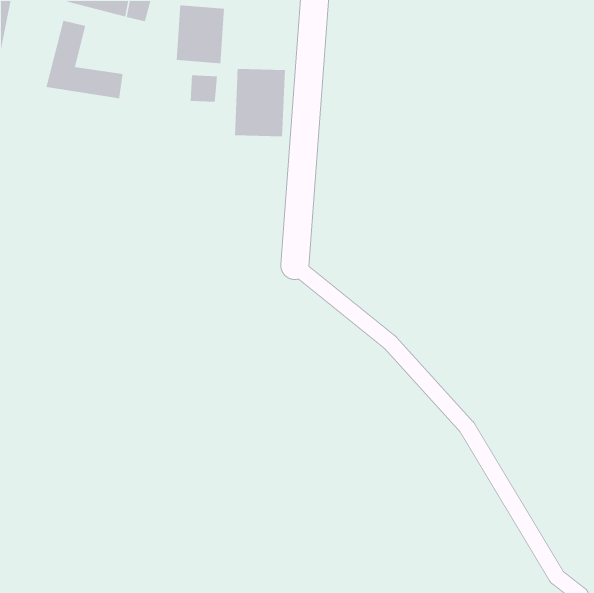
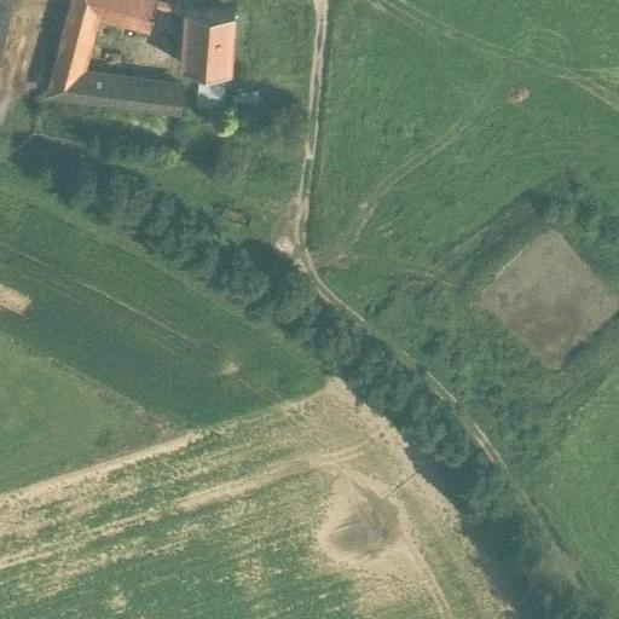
building: [234,68,286,137] -> none
building: none -> [126,77,183,112]

